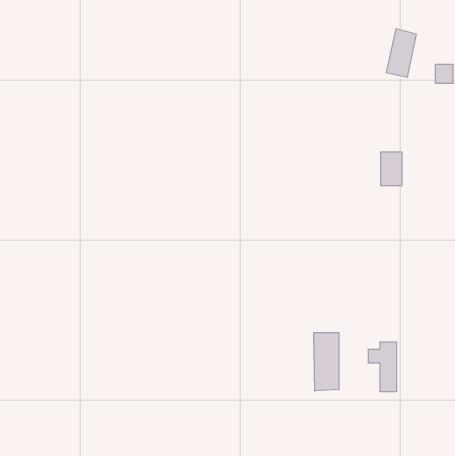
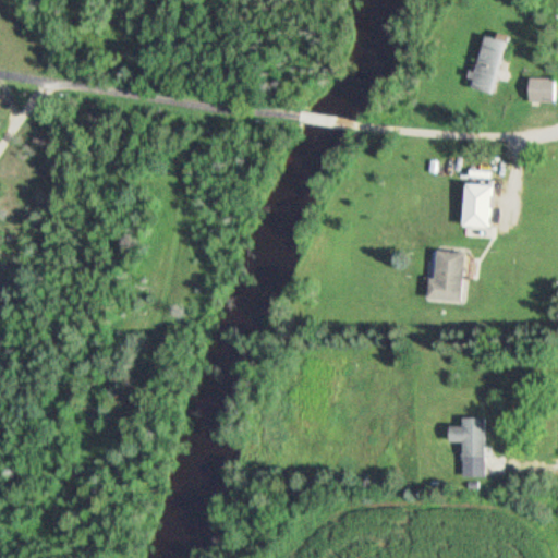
building: none -> [426,250,463,301]
building: [314,333,339,391] -> none

